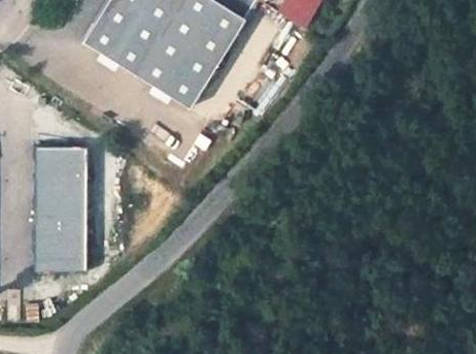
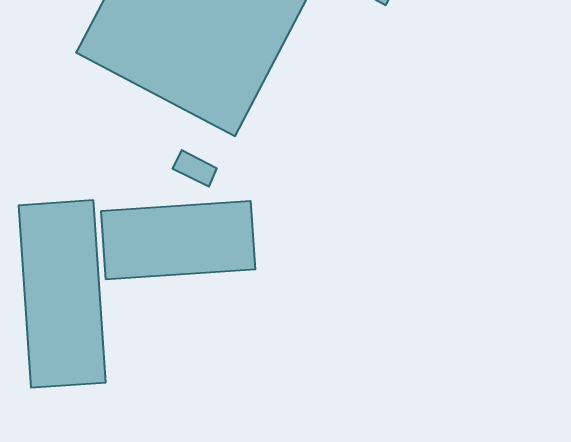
building: none -> [101,201,255,279]

